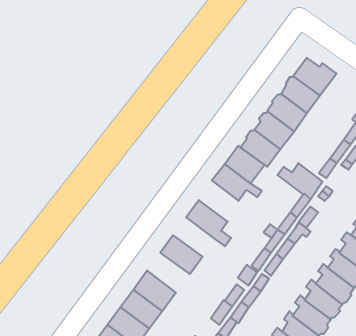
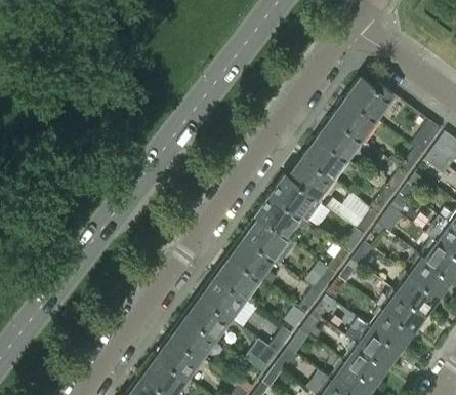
building: none -> [241,213,288,259]
building: none -> [212,254,258,298]
building: none -> [183,293,234,338]

